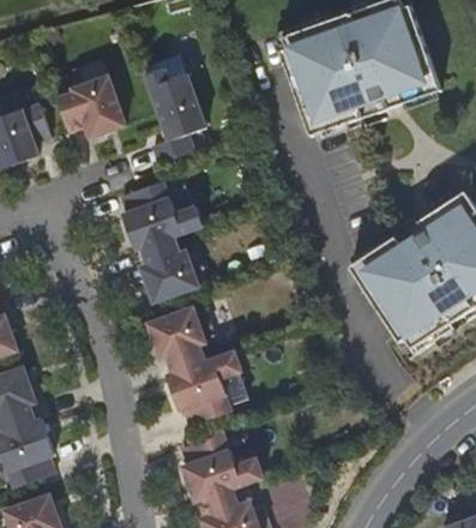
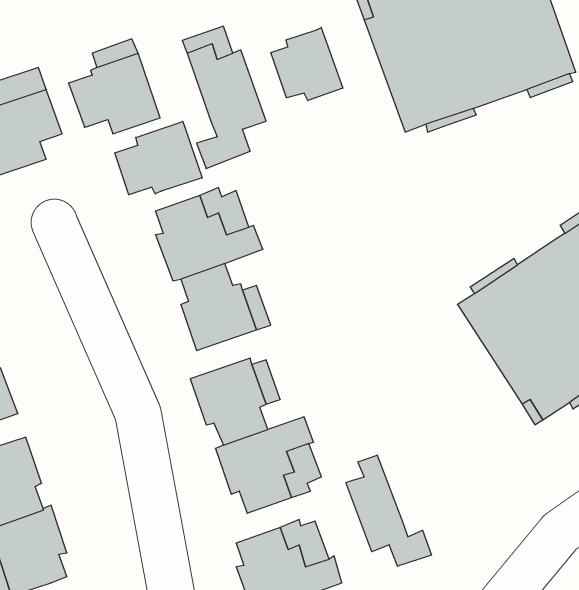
building: none -> [271,27,343,101]
building: none -> [115,121,202,195]
building: none -> [346,455,432,566]

